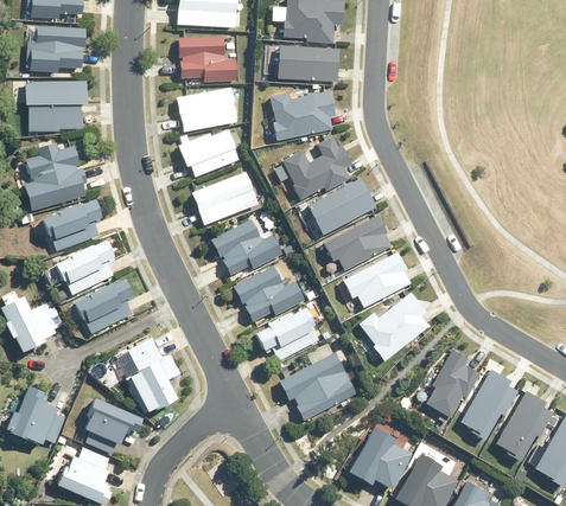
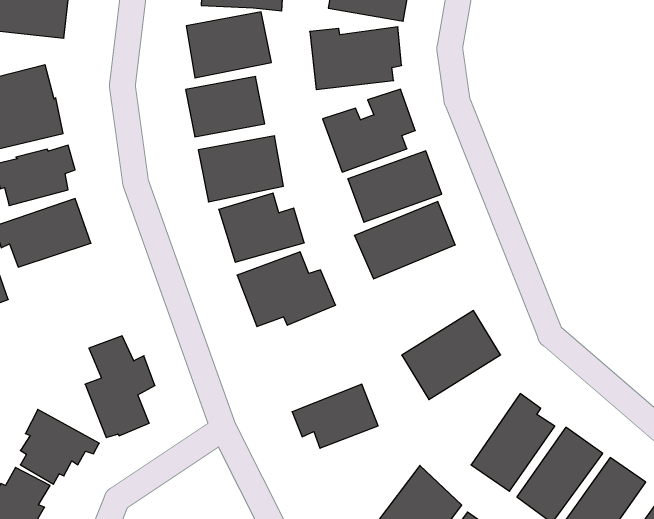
building: [337,251,413,312] -> none
building: [71,273,138,334] -> none
building: [256,310,319,363] -> none

